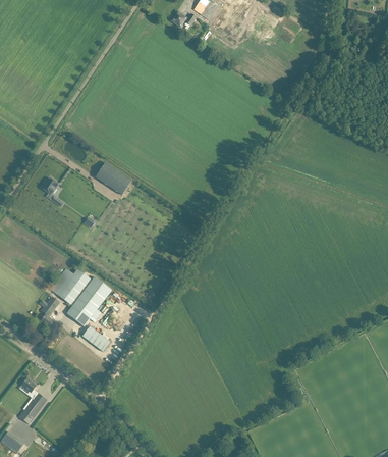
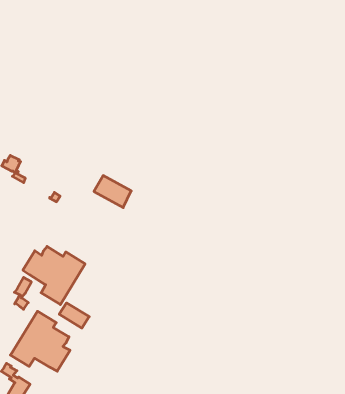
building: [96,162,131,195] -> [94,176,131,208]
building: none -> [10,311,70,371]

